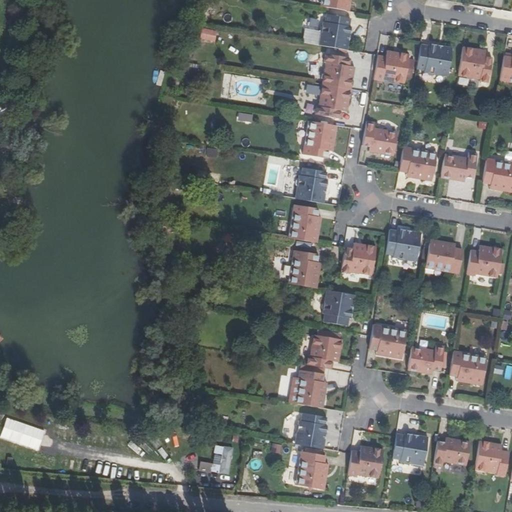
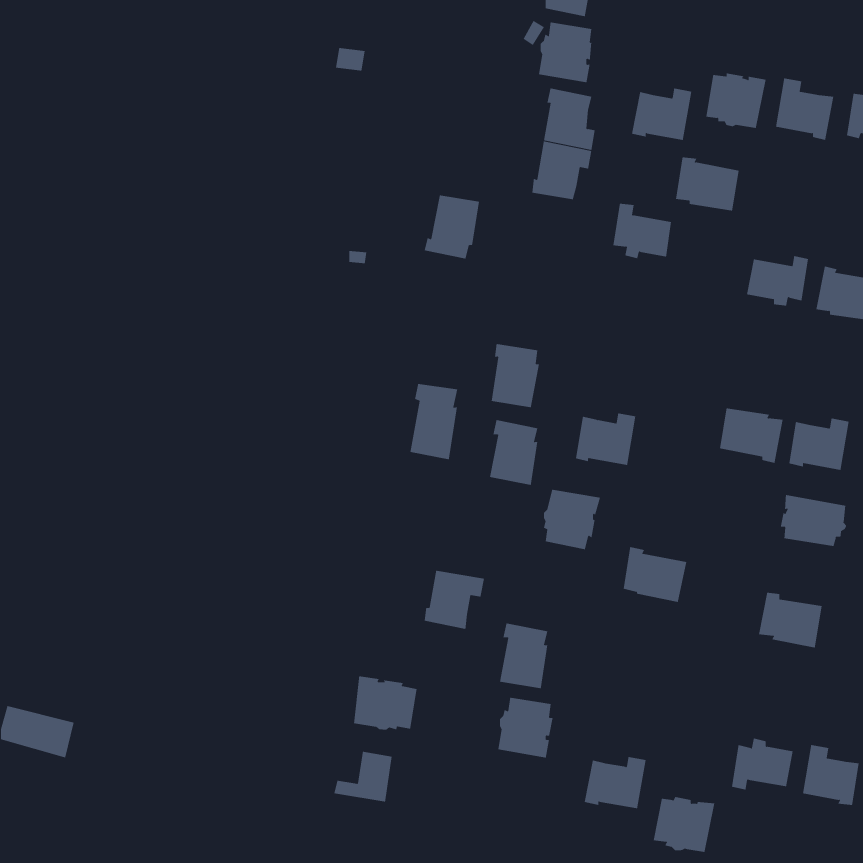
building: [302,120,335,158] -> [424,195,480,259]
building: [400,146,438,178] -> [675,157,739,211]
building: [295,166,328,202] -> none
building: none -> [410,383,458,460]
building: [385,228,422,261] -> none
building: none -> [780,494,847,547]
building: [307,333,343,368] -> [424,570,485,629]
building: [408,343,445,374] -> none
building: none -> [354,676,417,731]
building: [392,432,429,465] -> [653,797,715,852]
building: [297,450,326,489] -> none

